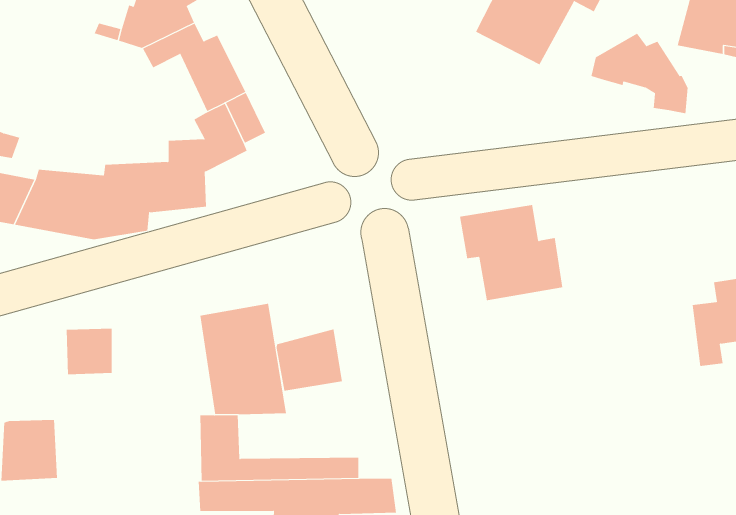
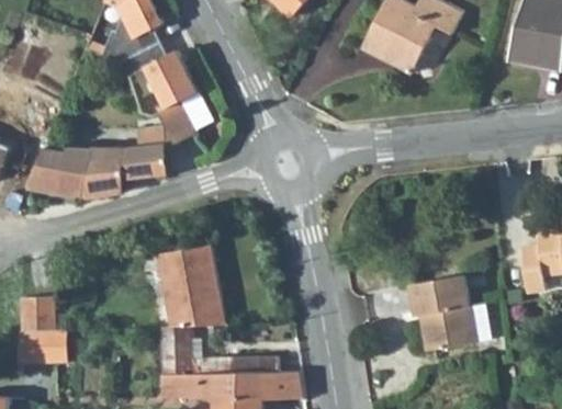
building: [591,33,688,114] -> none
building: [459,204,563,301] -> [406,274,482,344]
building: [66,328,112,375] -> [21,297,55,331]
building: [276,329,343,392] -> none

